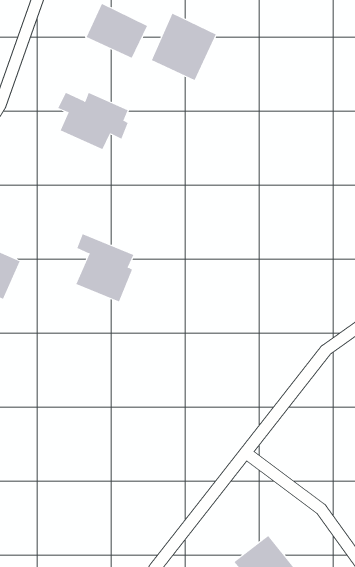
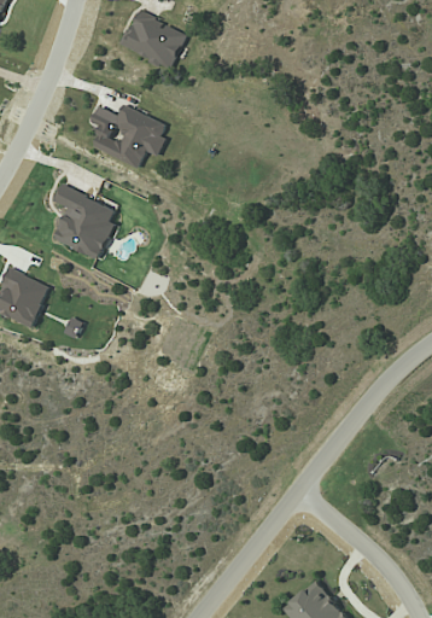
building: [151,13,217,81] -> none
building: [75,233,134,302] -> [52,186,115,260]

